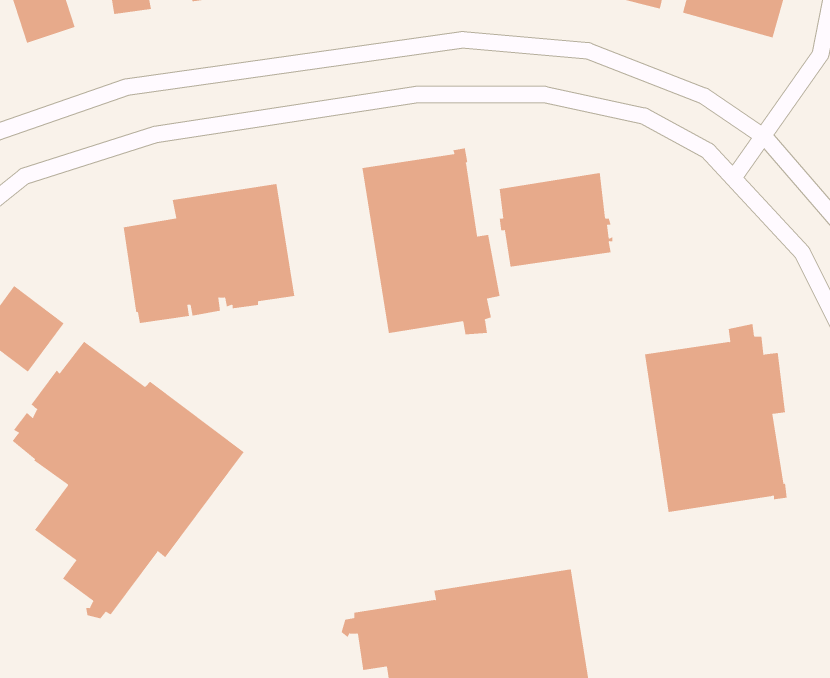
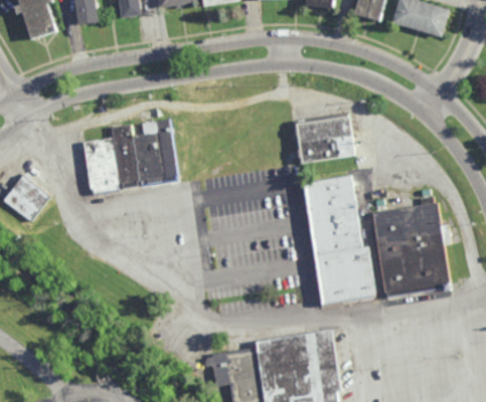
building: [362,147,500,335] -> none
building: none -> [303,176,374,306]
building: [12,341,244,619] -> none

